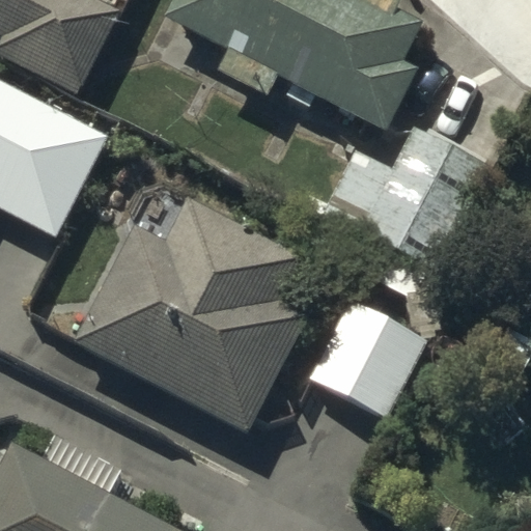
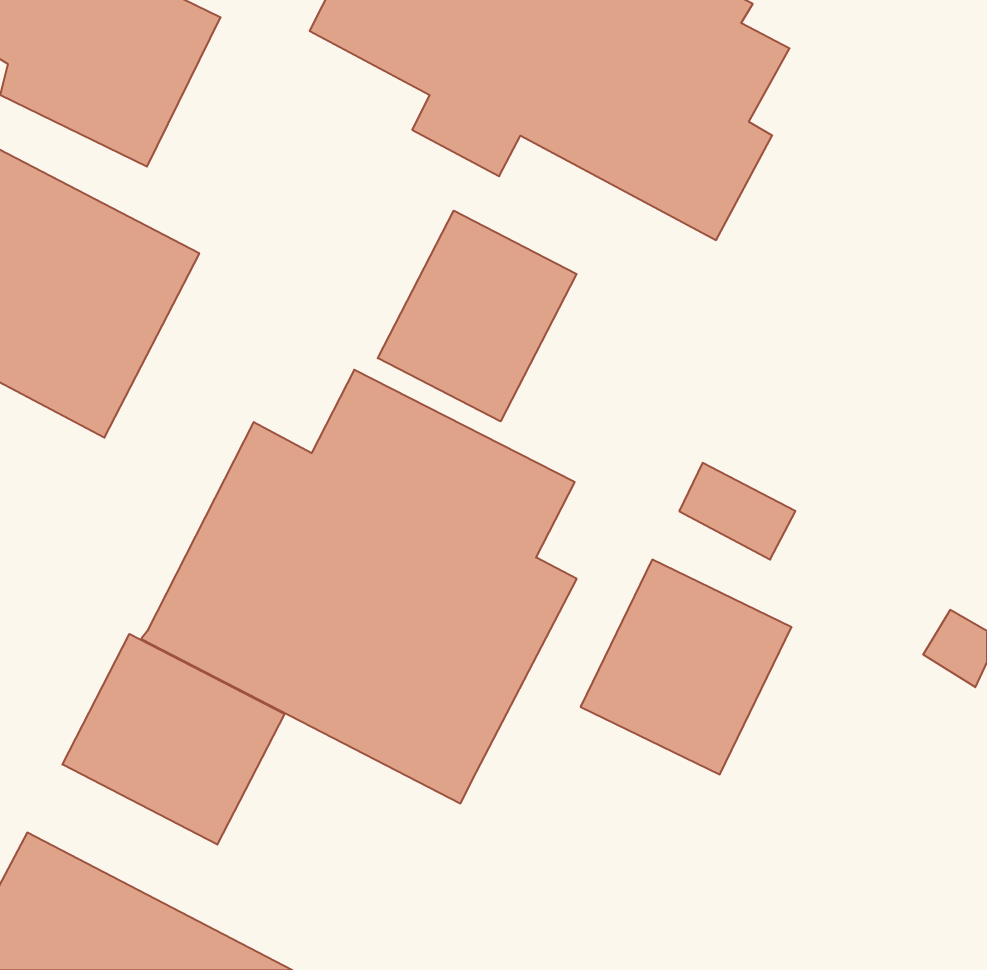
building: none -> [378,211,577,421]
building: [325,130,487,267] -> none
building: none -> [62,634,285,845]

